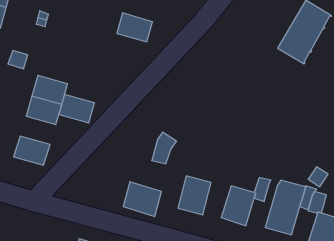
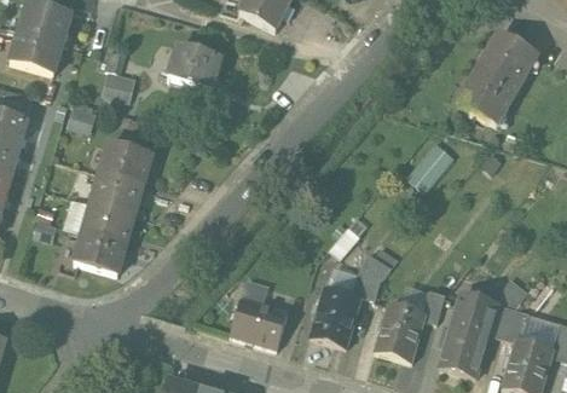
building: [117,13,153,42] -> [168,42,220,85]
building: none -> [99,70,133,102]
building: none -> [407,134,457,187]
building: [59,95,95,123] -> [82,200,134,241]
building: [152,132,177,164] -> [355,250,392,296]

